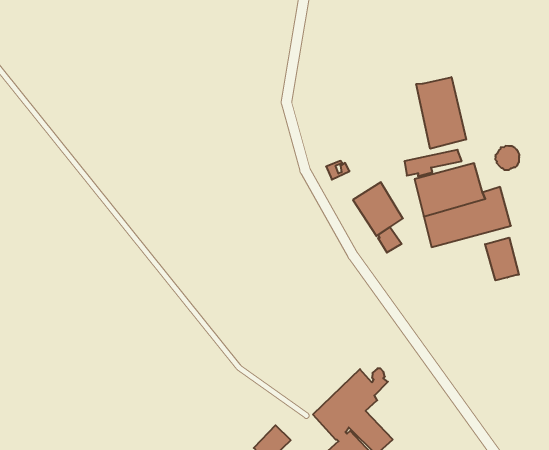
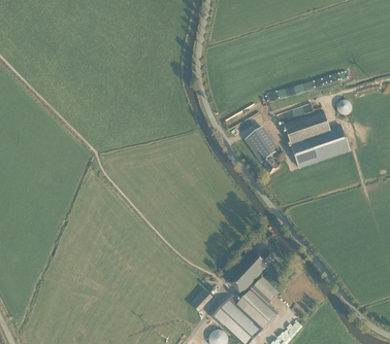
building: [416,77,466,149] -> none
building: [485,238,519,280] -> none

